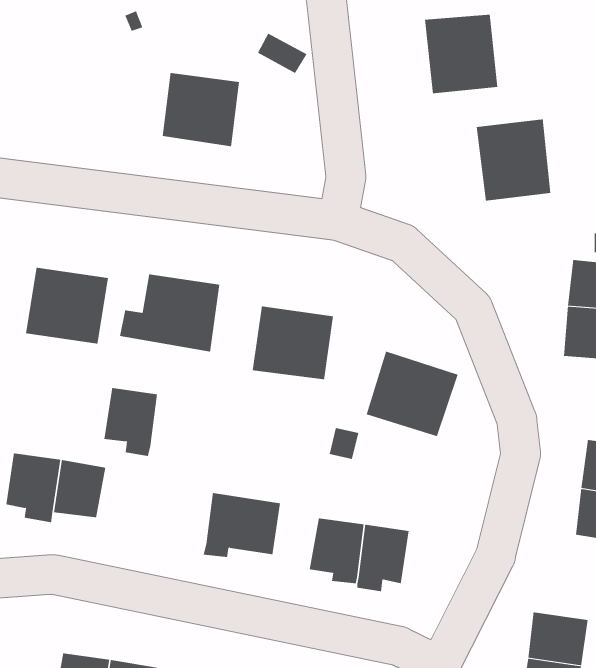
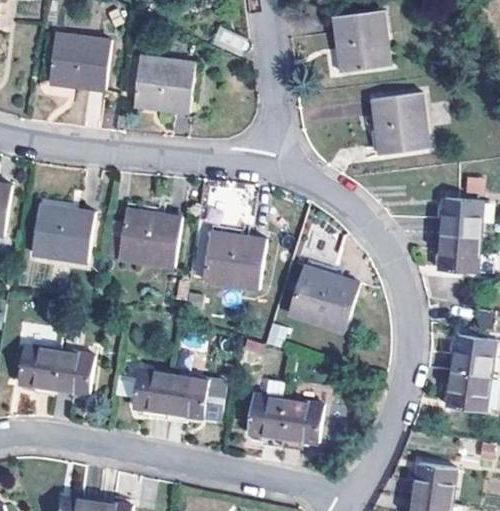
building: none -> [50,33,109,89]
building: [104,387,158,456] -> [132,368,173,420]

